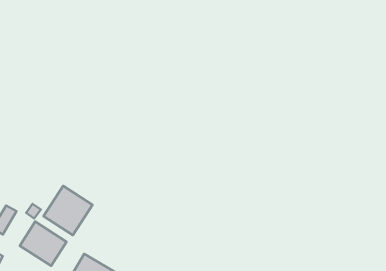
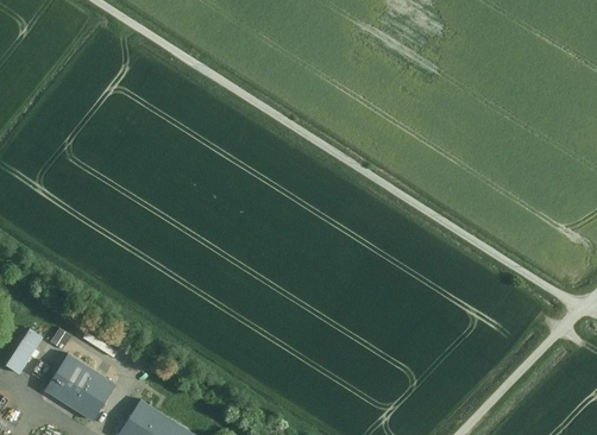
building: [44,186,92,235] -> none

